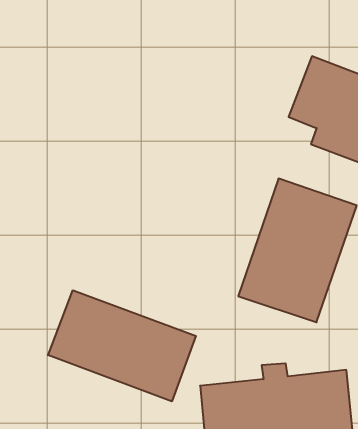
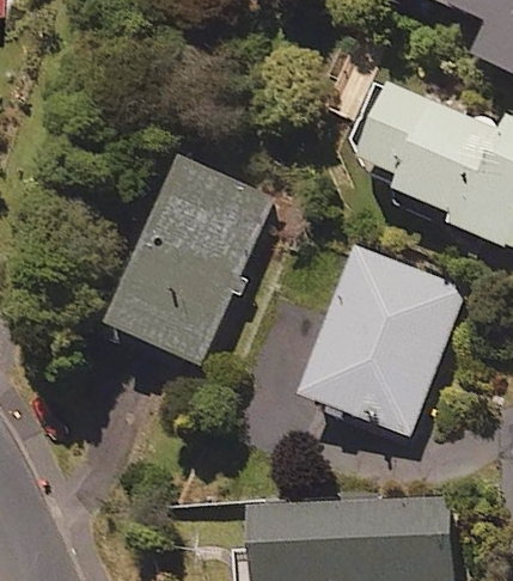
building: none -> [121,160,265,363]
building: [48,290,196,401] -> none

